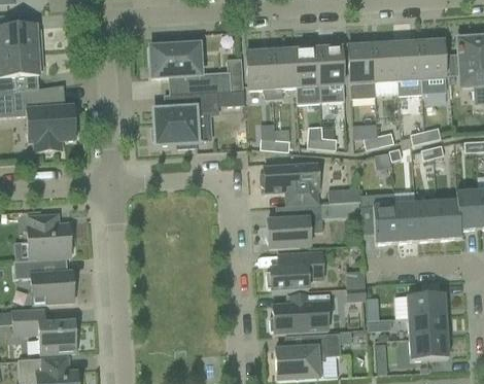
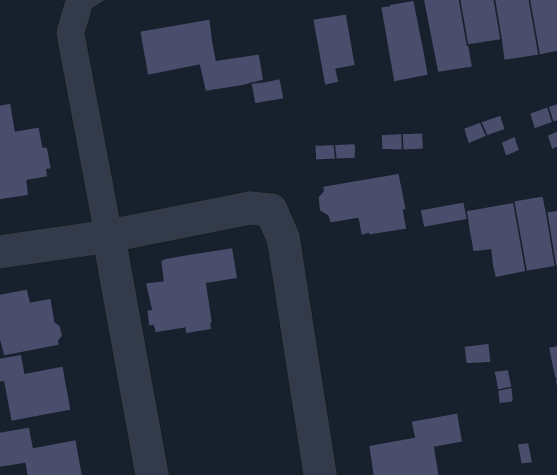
building: [293,48,320,103] -> none
building: [246,50,273,99] -> none
building: [152,92,217,147] -> [145,248,238,334]
building: [265,204,321,248] -> none
building: [267,251,323,291] -> none
building: [270,293,330,334] -> none

